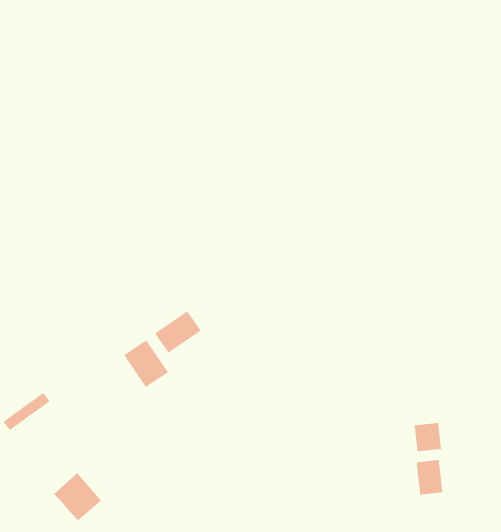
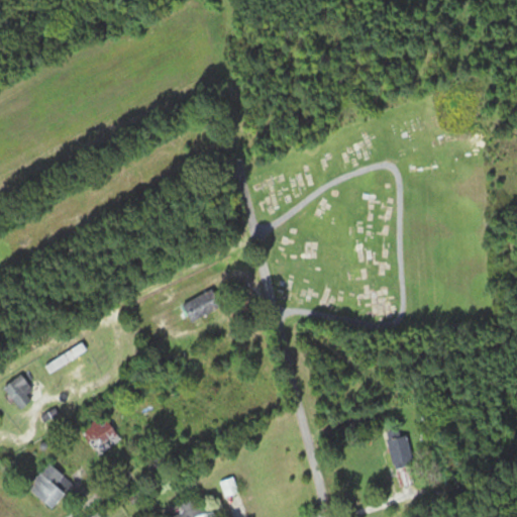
building: [123,340,169,388] -> none
building: [414,422,441,452] -> none

